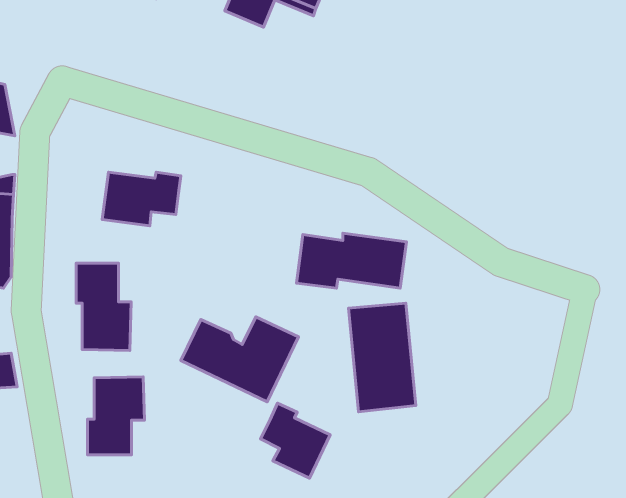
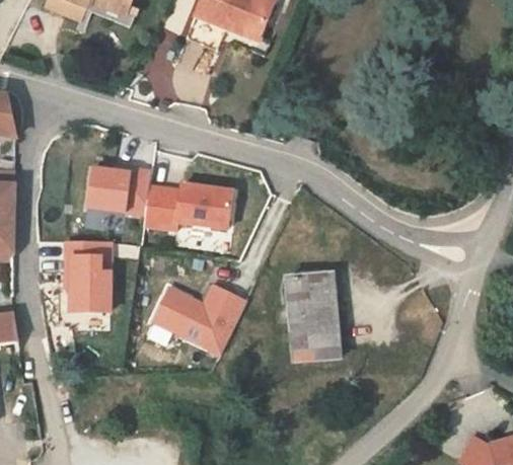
building: [296,233,406,288] -> [143,183,232,228]
building: [88,377,145,455] -> none
building: [261,403,330,478] -> none

